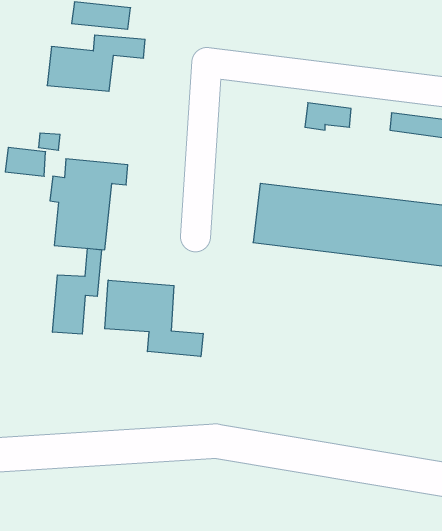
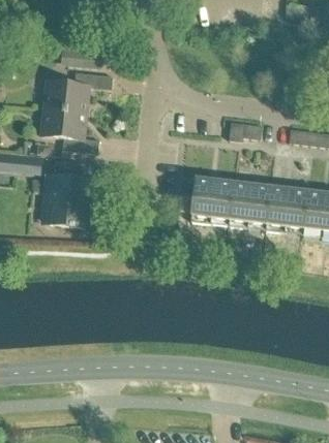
building: none -> [40,105,100,150]
building: [53,248,102,334] -> none
building: [105,280,203,357] -> none

